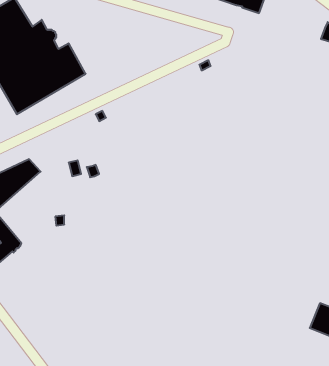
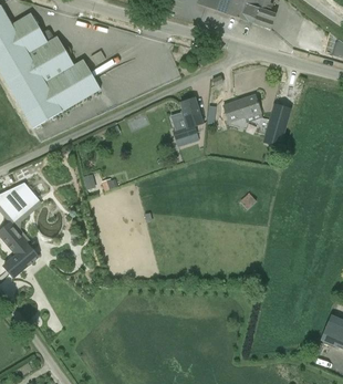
building: none -> [224,94,262,123]
building: none -> [173,97,204,146]
building: none -> [263,102,295,148]

